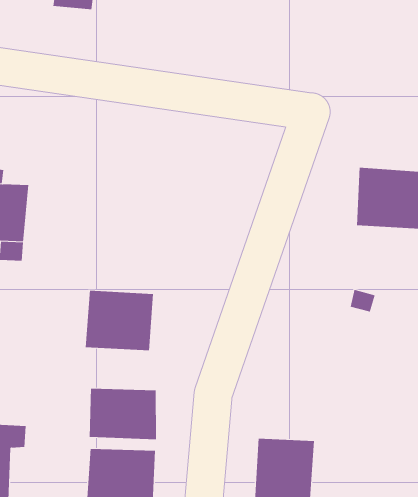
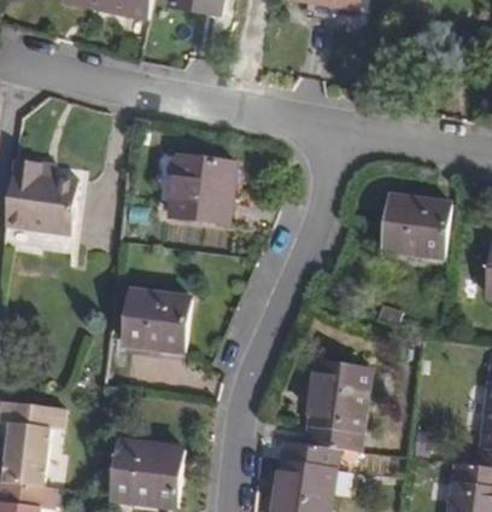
building: none -> [175,157,236,221]
building: none -> [301,357,367,449]
building: [89,388,156,440] -> none

